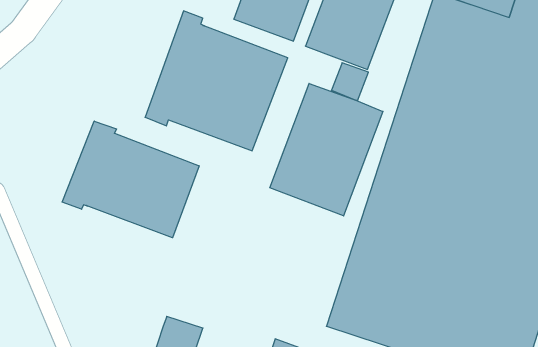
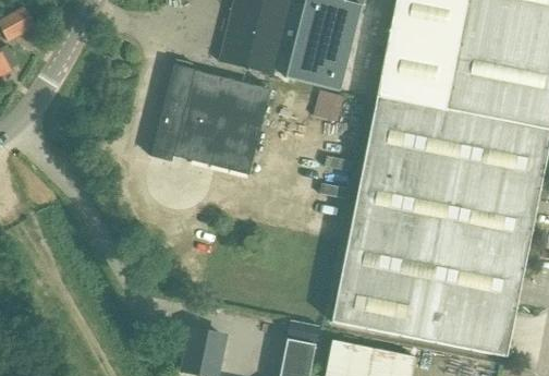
building: [270,83,383,216] -> none
building: [62,121,199,238] -> none

